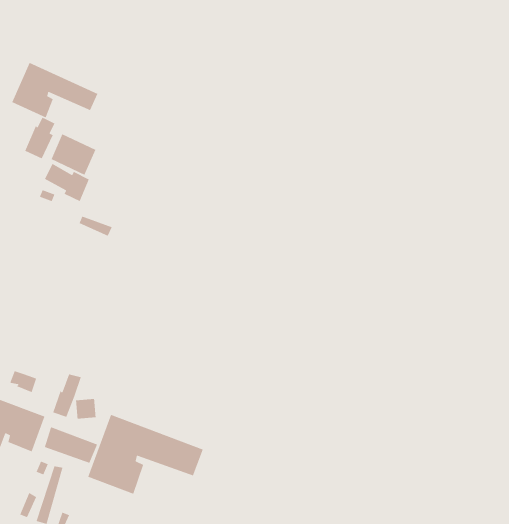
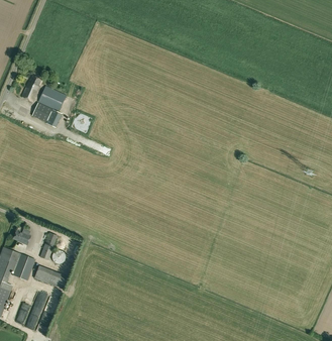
building: [11,62,99,118] -> none
building: [87,414,204,495] -> none

